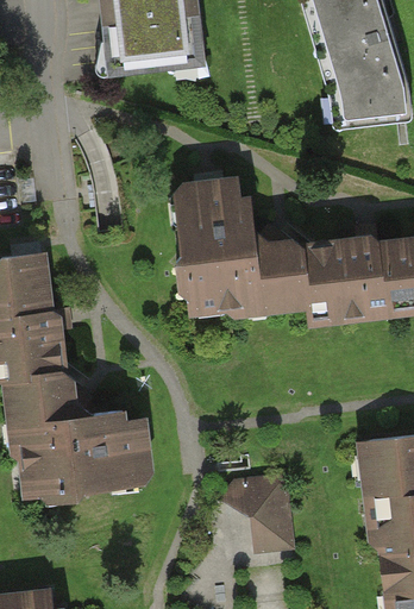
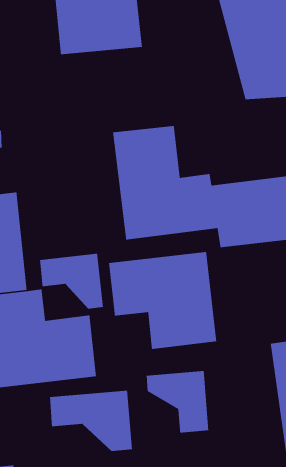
building: none -> [108,251,217,350]
building: none -> [39,253,104,309]
building: none -> [49,390,133,452]

